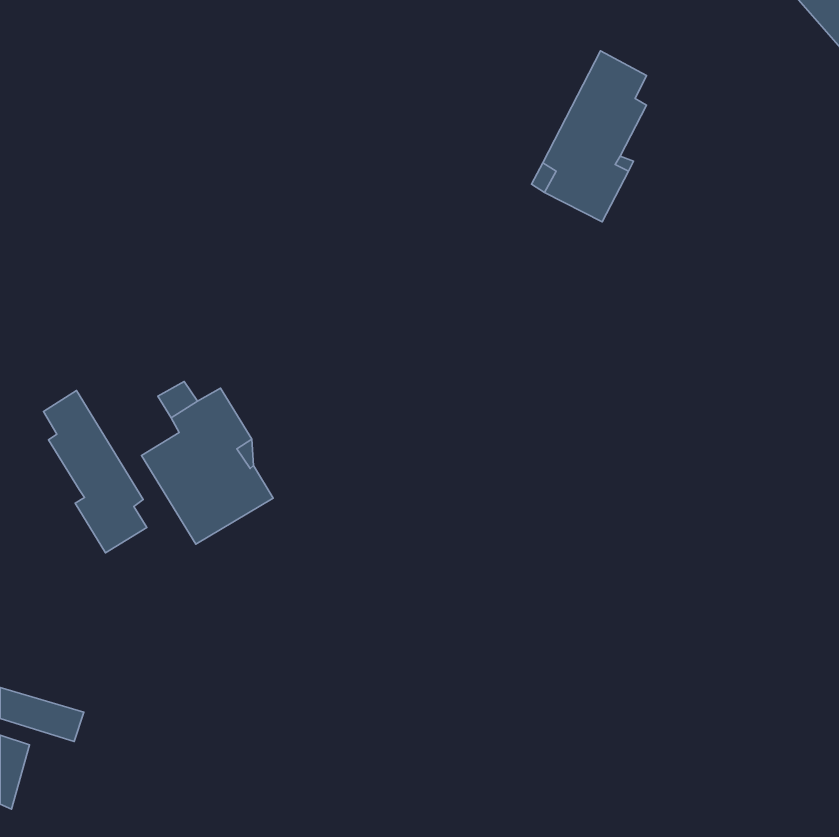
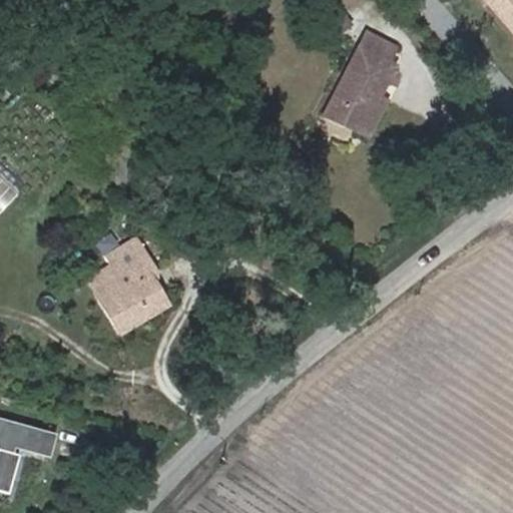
building: [43,390,147,553] -> none

